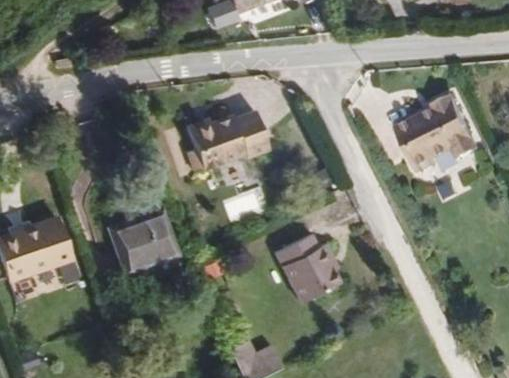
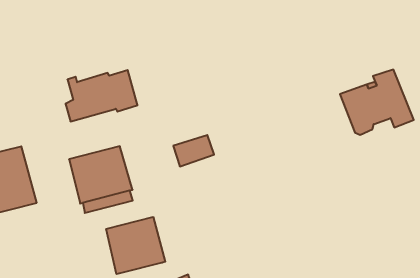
building: [189,112,269,174] -> [65,70,138,121]
building: [277,236,341,303] -> none
building: none -> [106,217,165,274]

